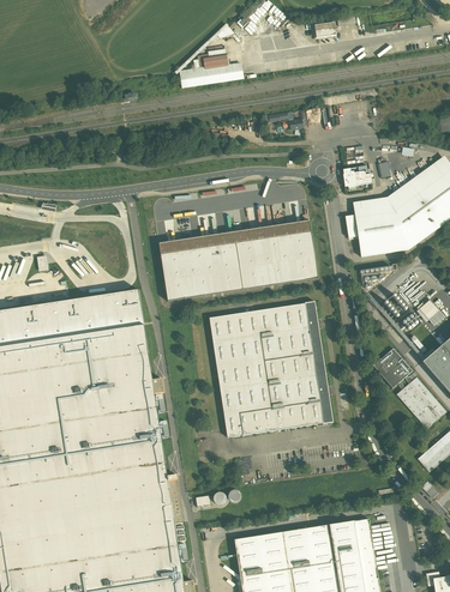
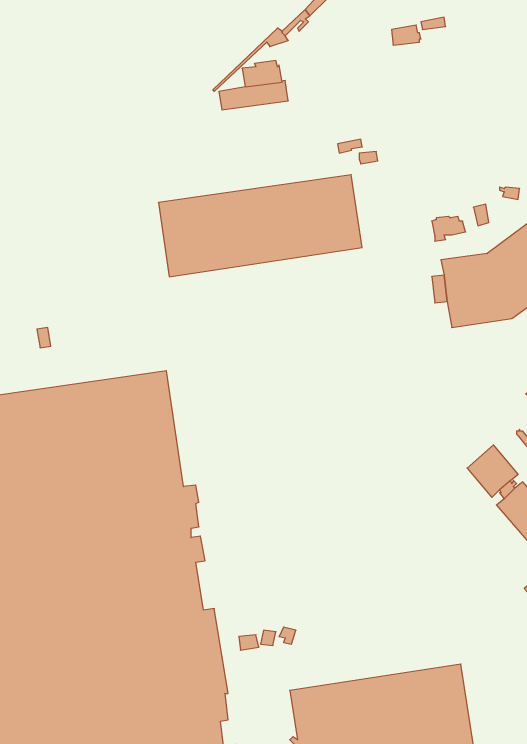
building: [158,222,317,301] -> [158,175,362,277]
building: [209,301,334,437] -> none

